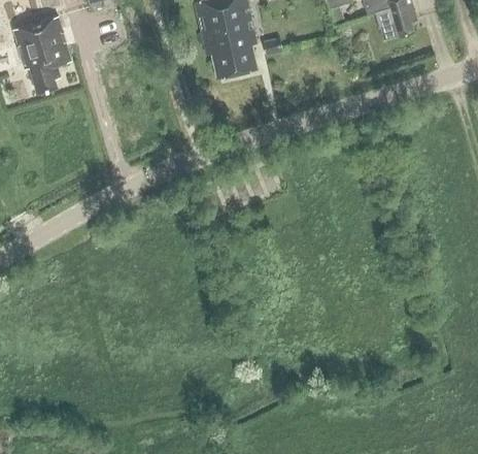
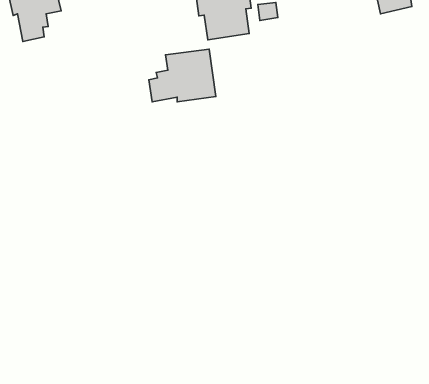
building: none -> [149,49,216,102]

